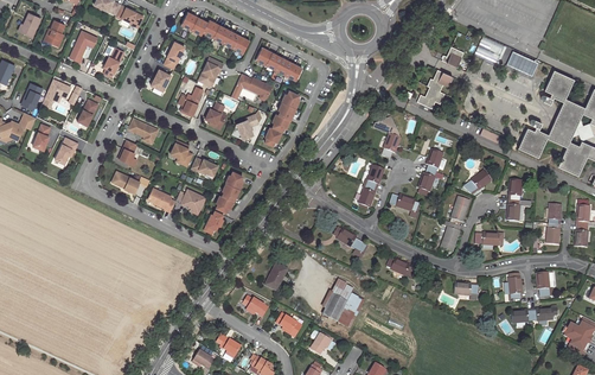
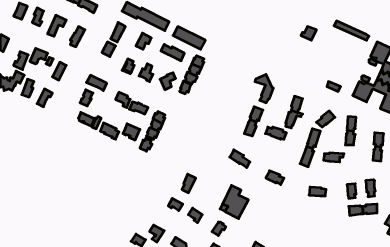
building: [416,70,452,109] -> none

